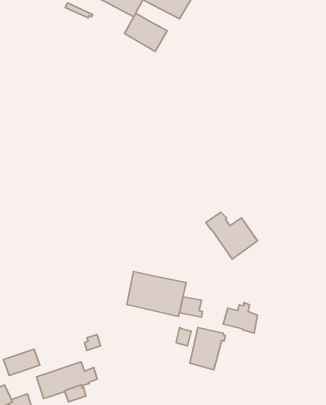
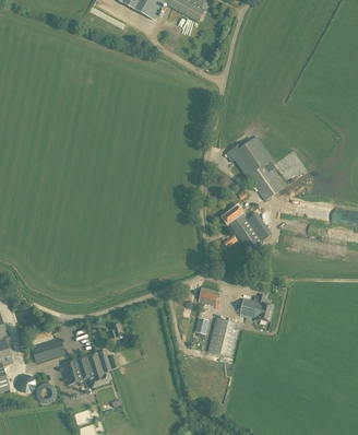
building: [125,13,167,51] -> none
building: none -> [223,134,284,200]
building: [127,271,186,317] -> none

